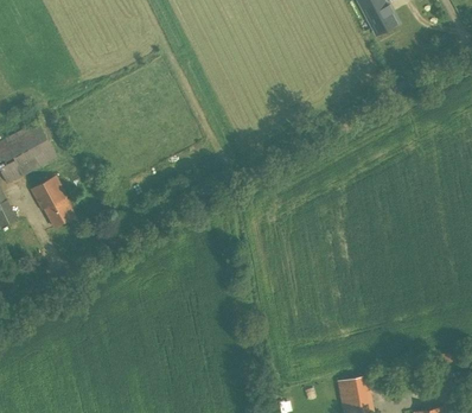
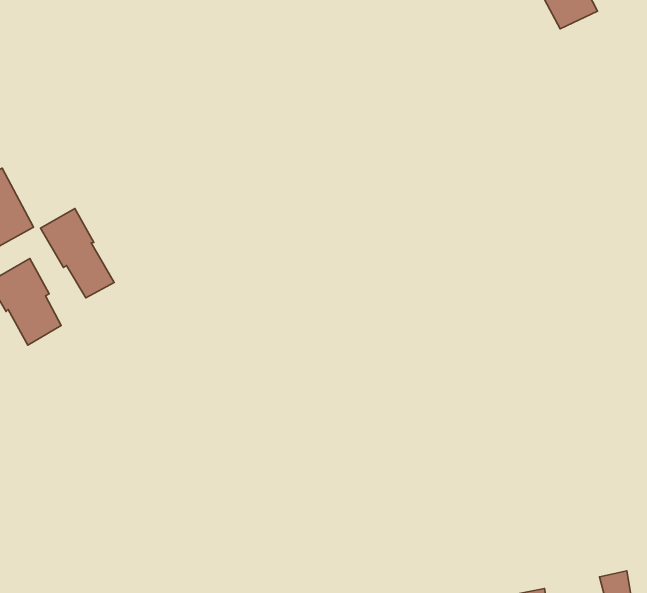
building: none -> [41,209,114,298]

